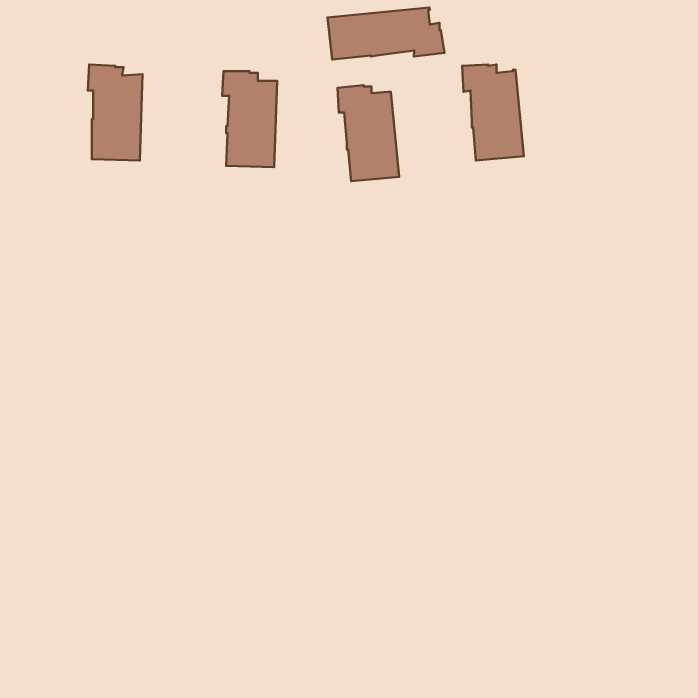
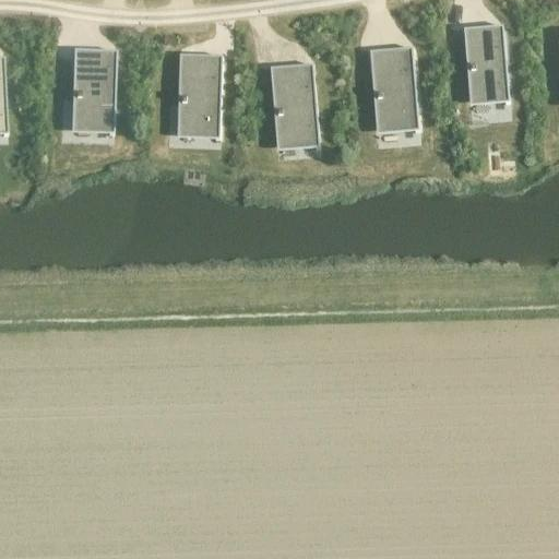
building: [327,8,444,59] -> none
building: none -> [462,29,507,99]

